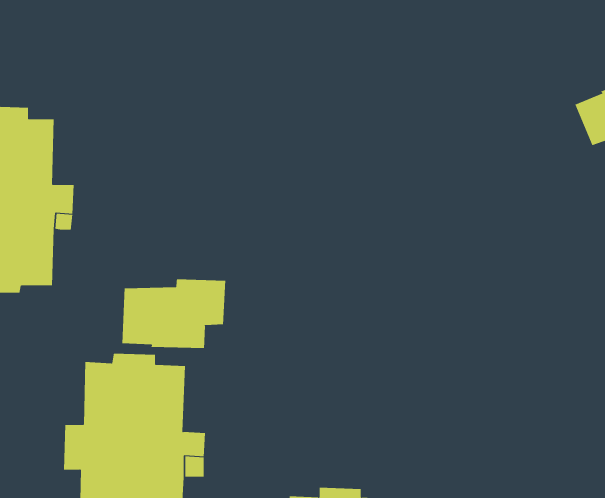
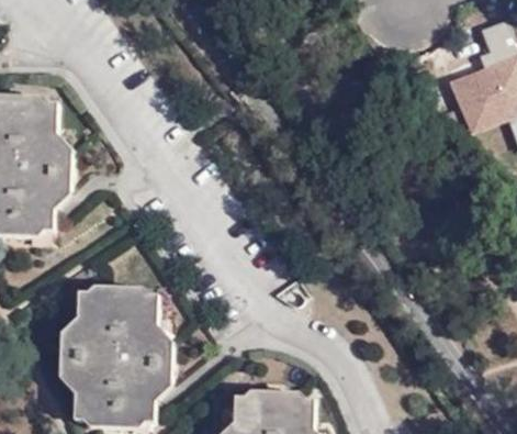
building: [122,279,226,349] -> none

